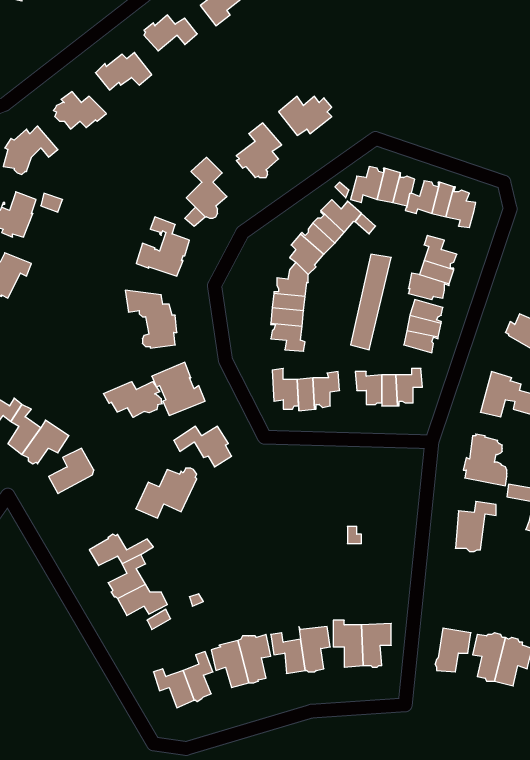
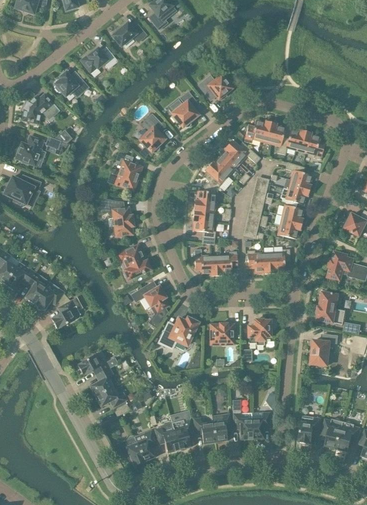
building: [103,382,162,417] -> none
building: [136,468,197,518] -> [158,317,197,349]
building: none -> [248,319,270,345]
building: none -> [210,323,234,344]

